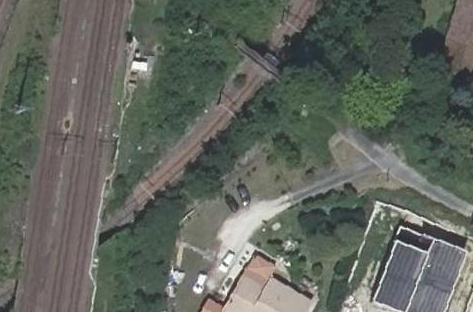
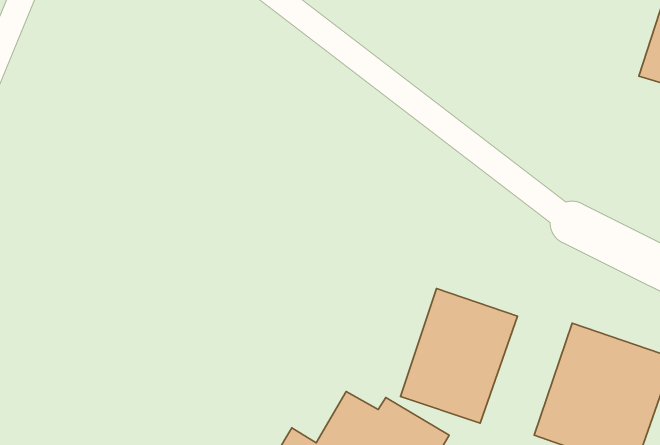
building: none -> [400,289,517,423]

